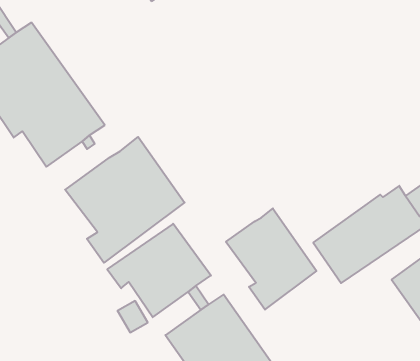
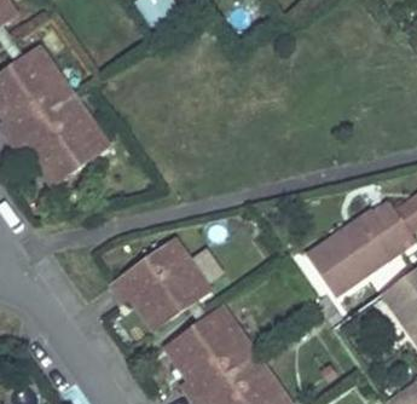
building: [65,137,185,263] -> none
building: [226,208,316,310] -> none

